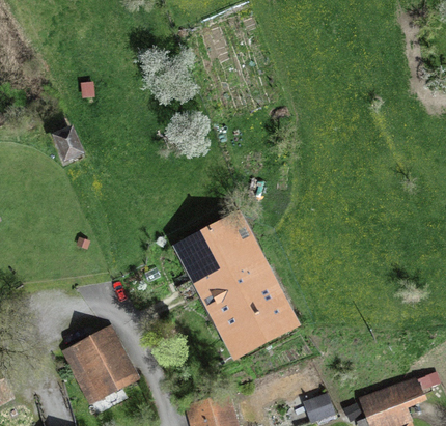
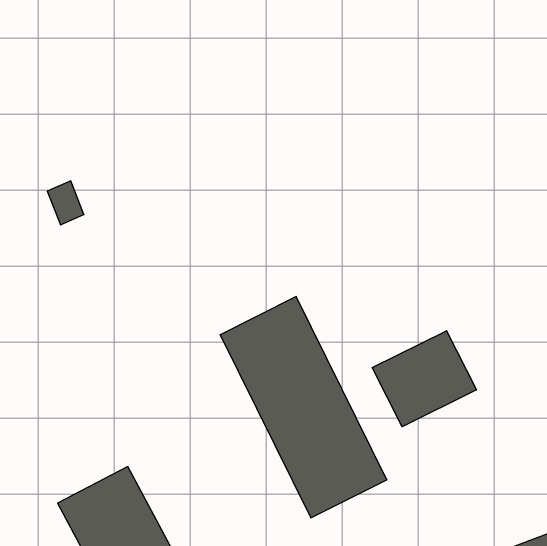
building: none -> [372,331,477,427]

